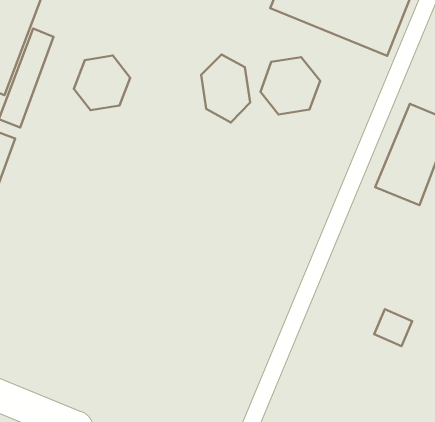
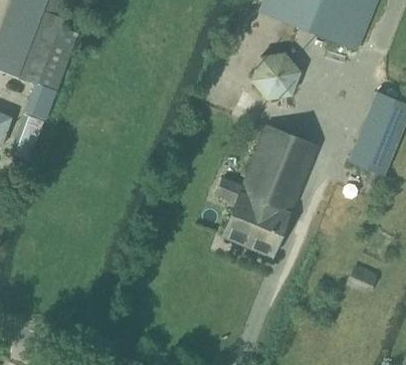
building: [201,54,250,123] -> none
building: [74,55,130,110] -> none
building: none -> [217,128,316,256]

